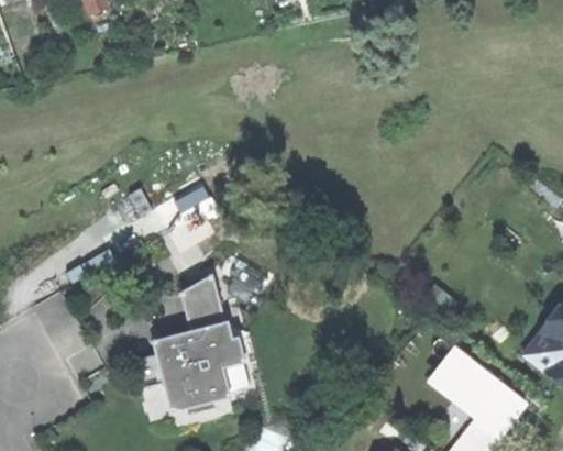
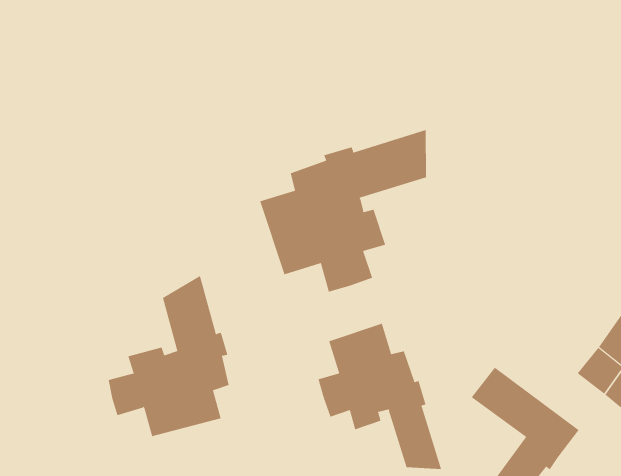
building: none -> [260,129,426,292]
building: none -> [318,323,442,470]

